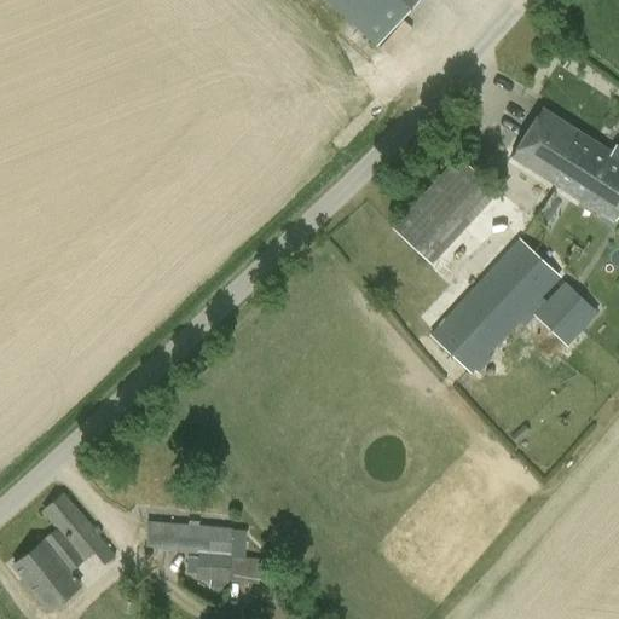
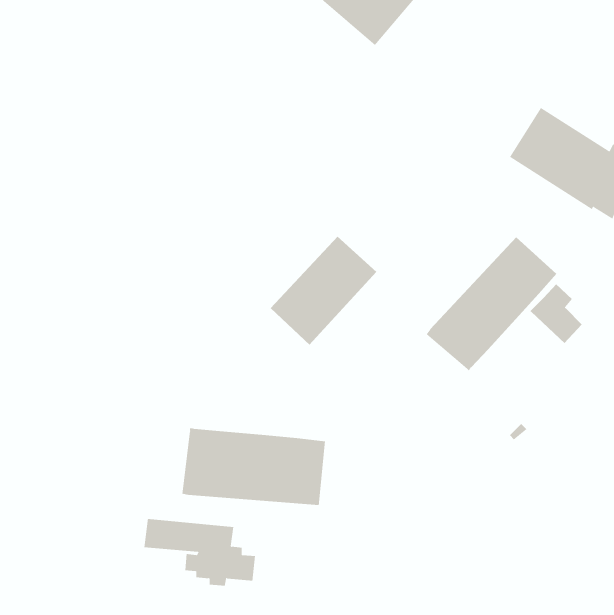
building: [392,155,499,265] -> [270,236,377,345]
building: none -> [182,427,325,506]
building: [15,496,105,611] -> none

